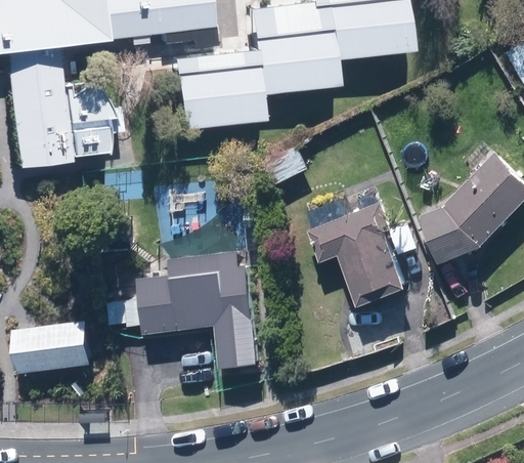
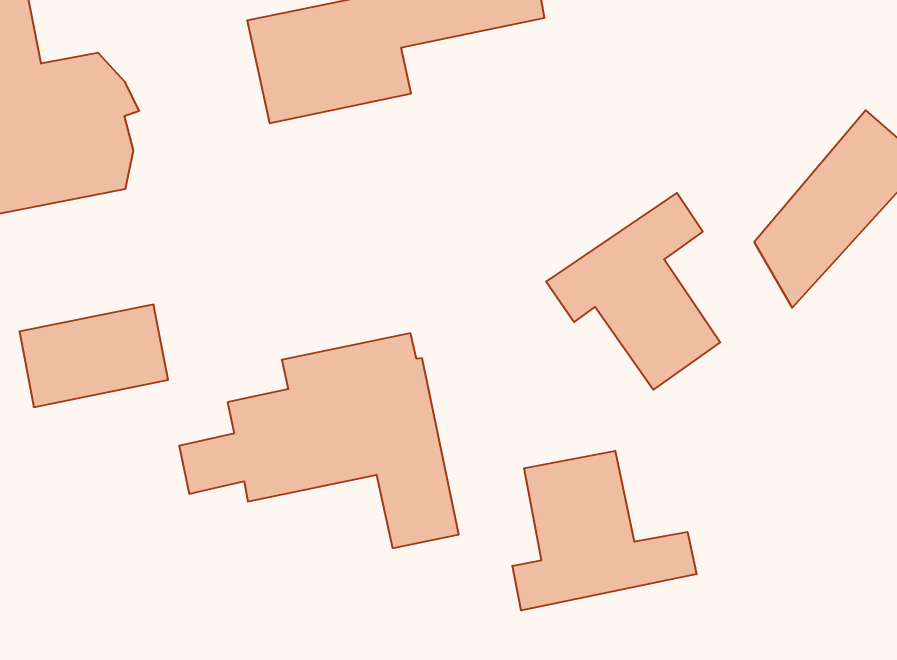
building: [13,322,92,372] -> [19,304,168,407]
building: none -> [512,451,697,611]

